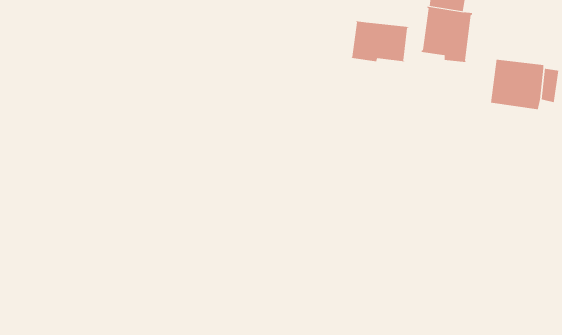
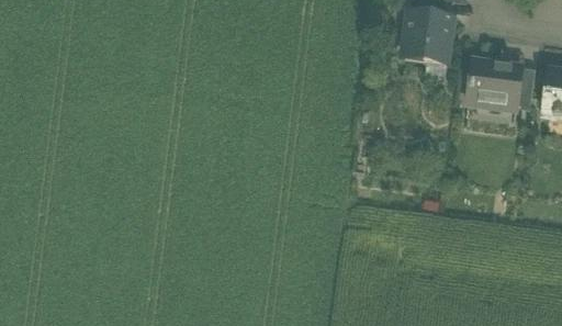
building: [350,20,409,62] -> none

